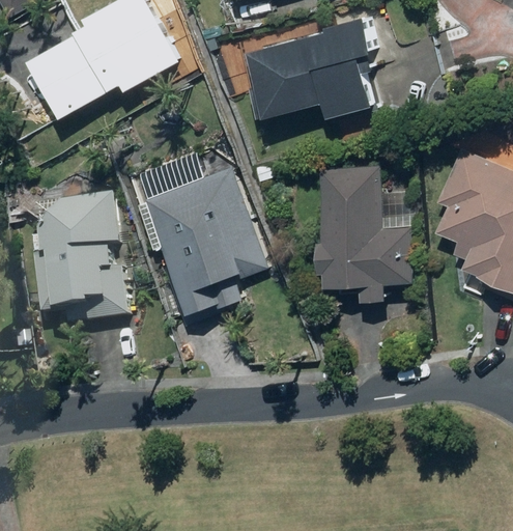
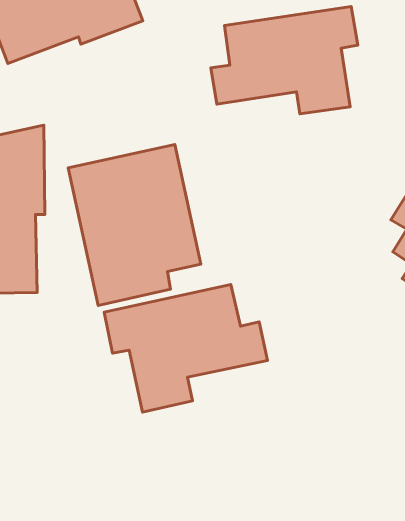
building: [320,165,420,299] -> none
building: none -> [104,284,267,412]

